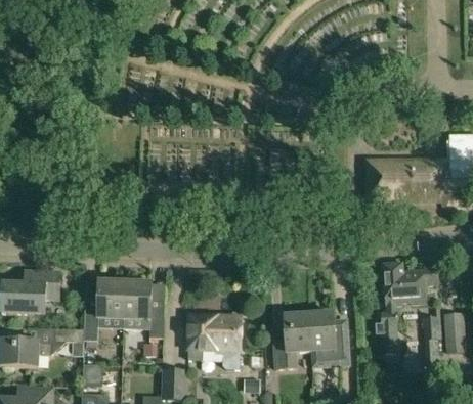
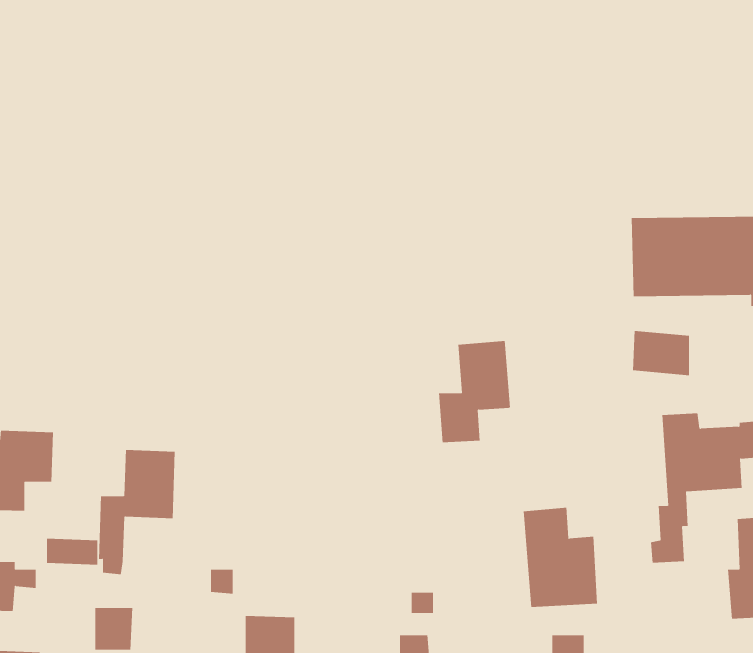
building: none -> [632,330,690,376]
building: [124,281,164,335] -> none
building: [273,313,313,367] -> [438,341,513,443]
building: [188,314,241,369] -> none

